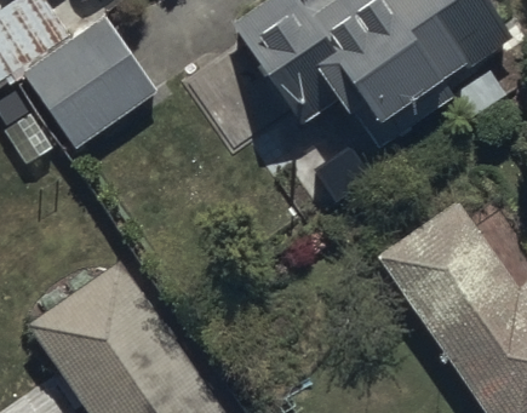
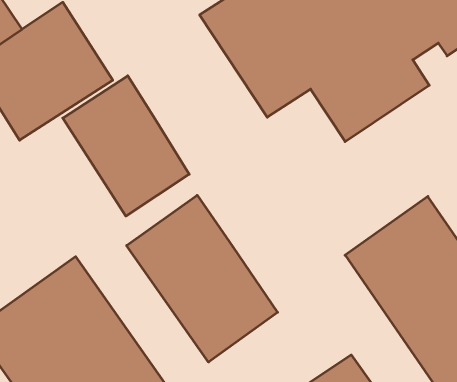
building: none -> [63,76,189,216]
building: none -> [127,195,278,362]

